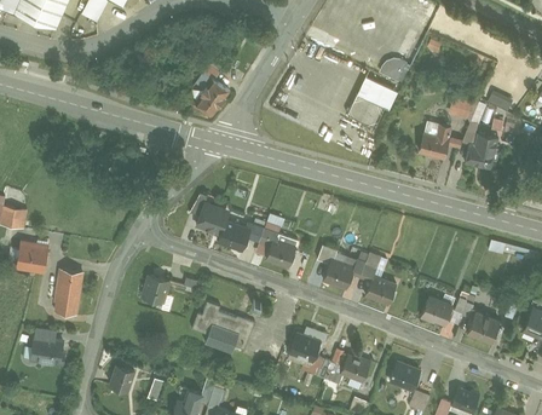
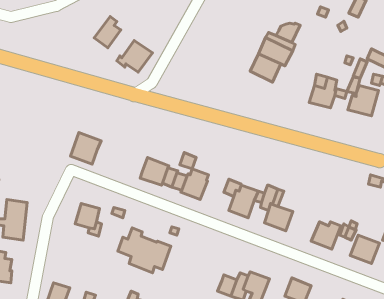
building: none -> [94,16,121,48]
building: [194,196,230,234] -> [71,133,101,164]
building: [287,332,321,368] -> none

